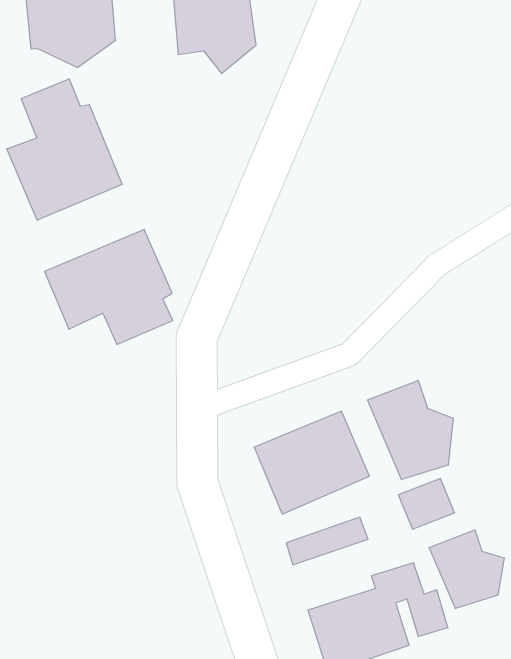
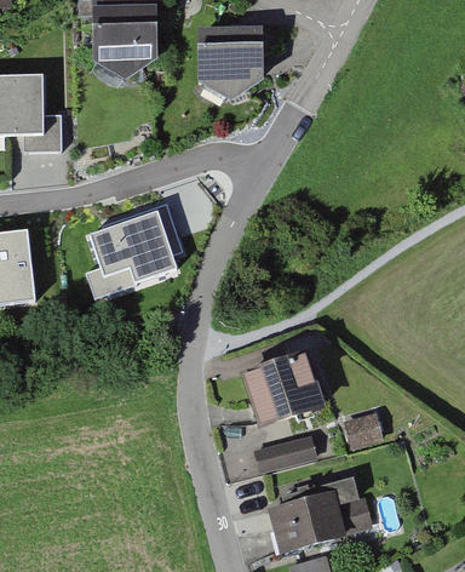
building: [7,79,122,220] -> none
building: [368,380,453,480] -> none
building: [429,530,504,609] -> none

